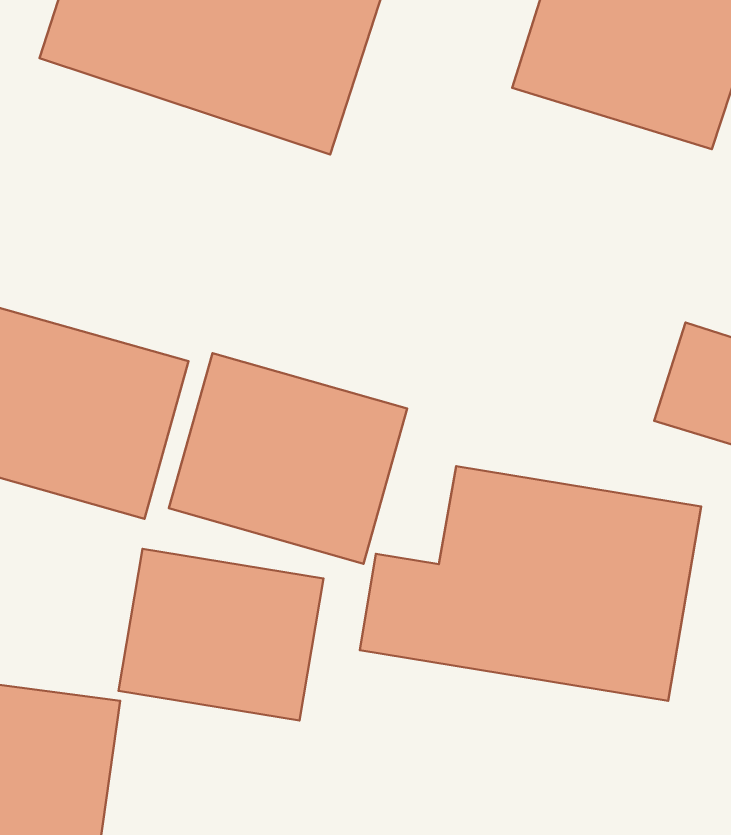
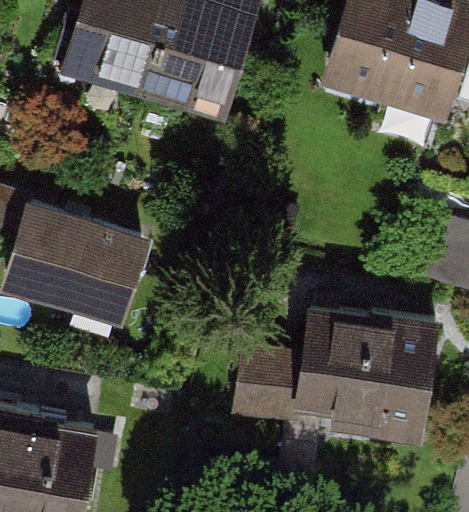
building: [169,353,407,564] -> none
building: [119,549,324,721] -> none

